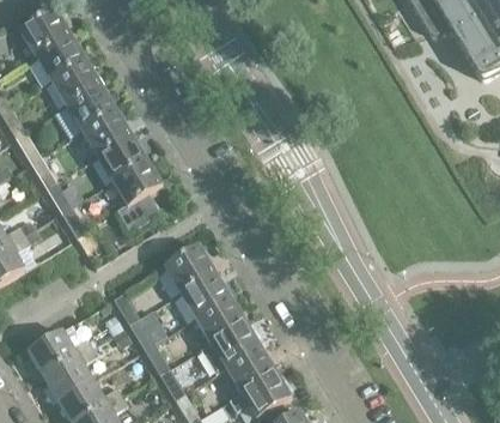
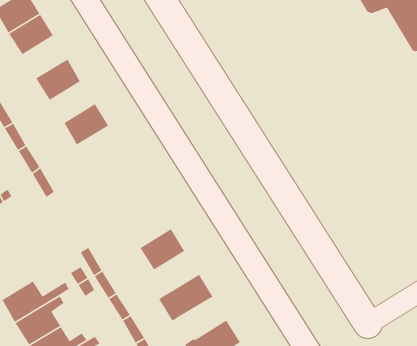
building: [49,56,99,103] -> none
building: [79,107,129,152] -> none
building: [109,156,160,226] -> none
building: [163,243,213,290] -> none
building: [194,294,244,340] -> none
building: [224,344,274,391] -> none

